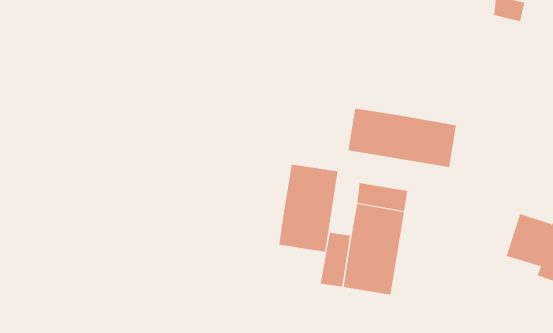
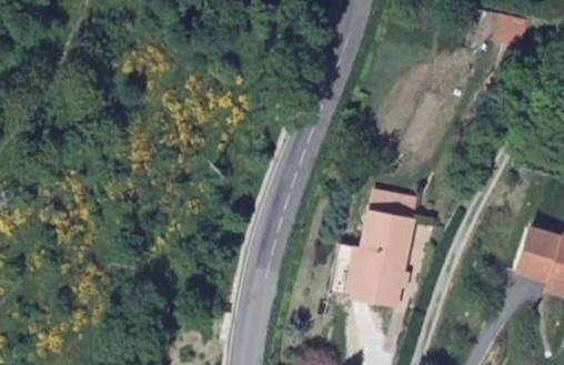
building: [348,108,456,168] -> none
building: [279,164,338,252] -> none

